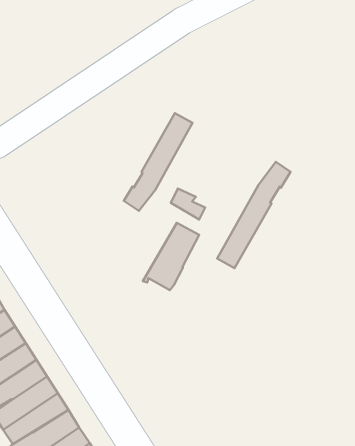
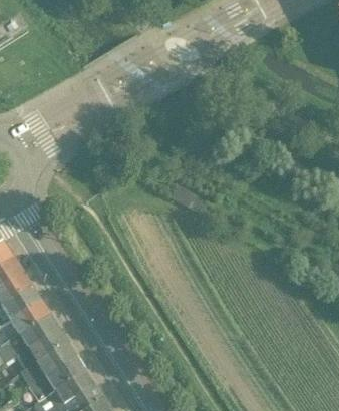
building: [124,113,192,211] -> none
building: [217,162,290,268] -> none
building: [143,223,199,290] -> none

